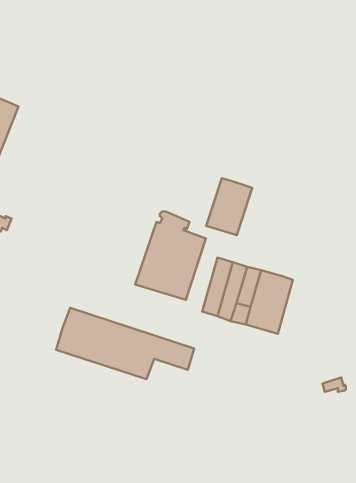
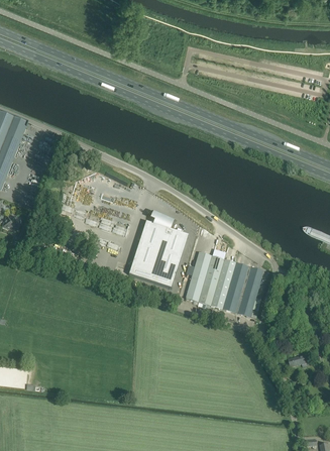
building: [206,178,252,235] -> none
building: [56,308,194,379] -> none

